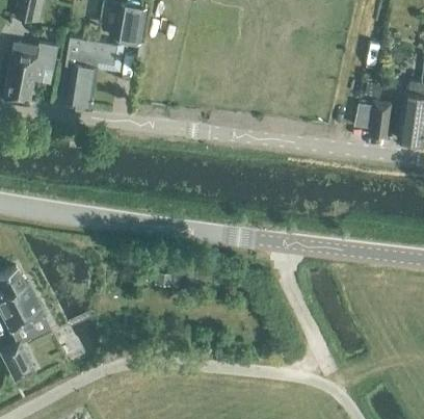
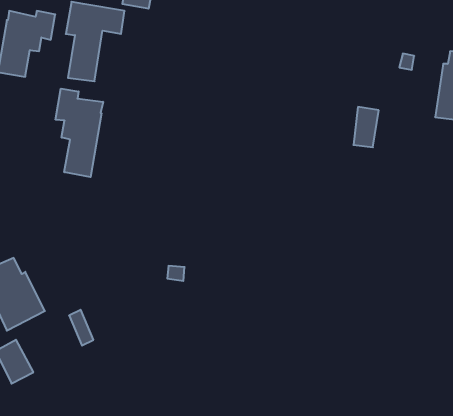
building: [369,102,392,138] -> [353,107,379,147]
building: none -> [56,89,103,177]

